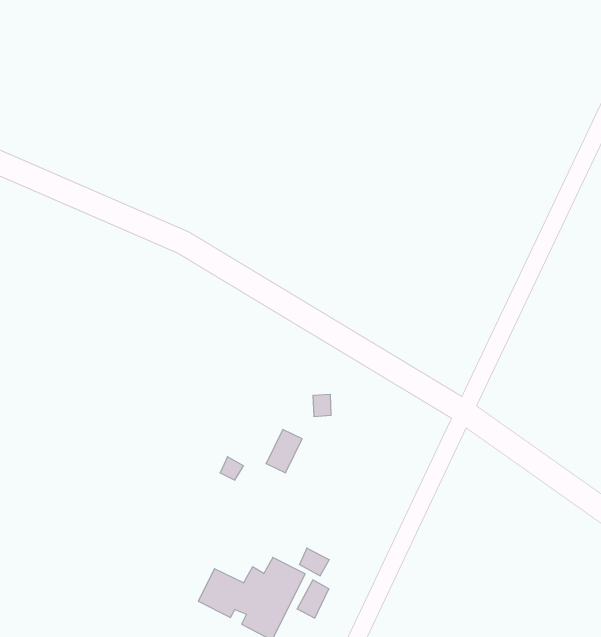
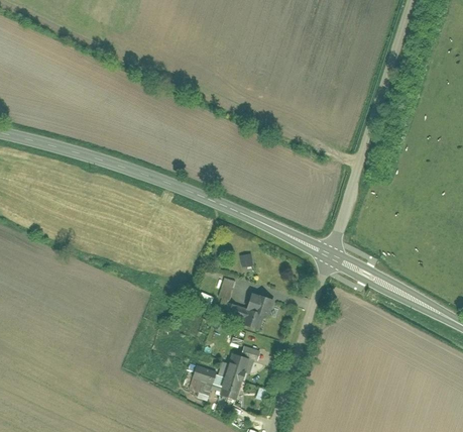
building: none -> [242,293,277,329]

